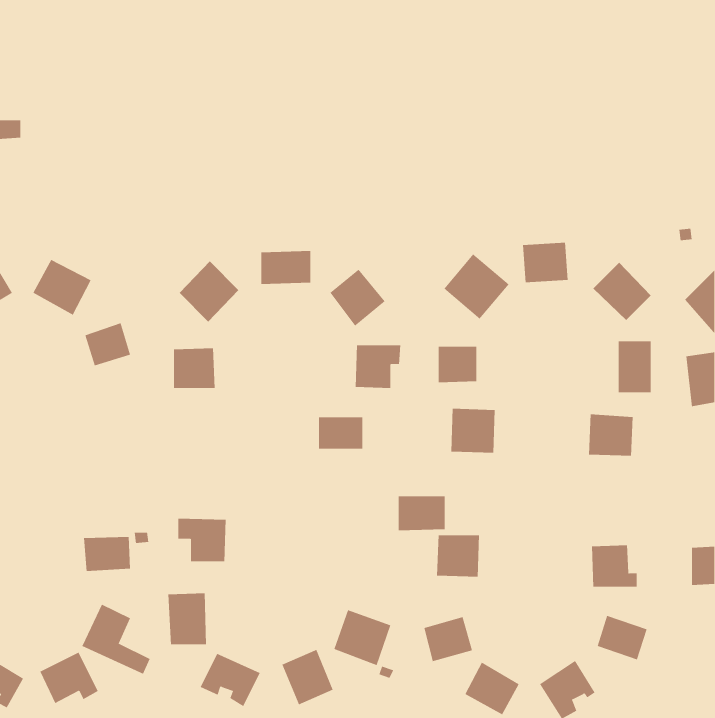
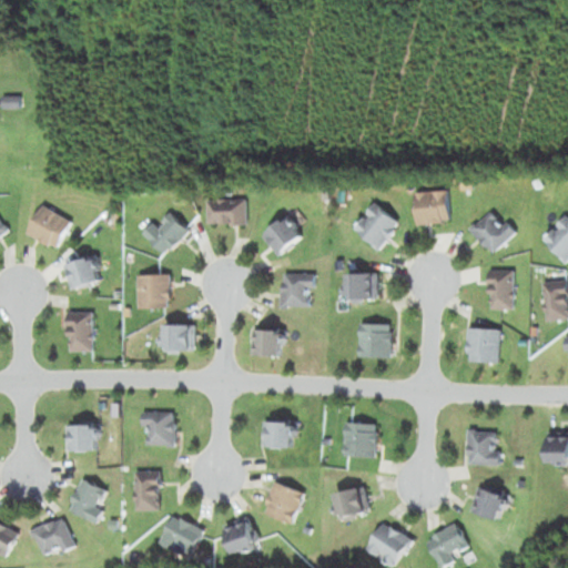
building: none -> [68,311,97,352]
building: none -> [165,324,199,351]
building: [398,496,446,531] -> [265,420,303,448]

